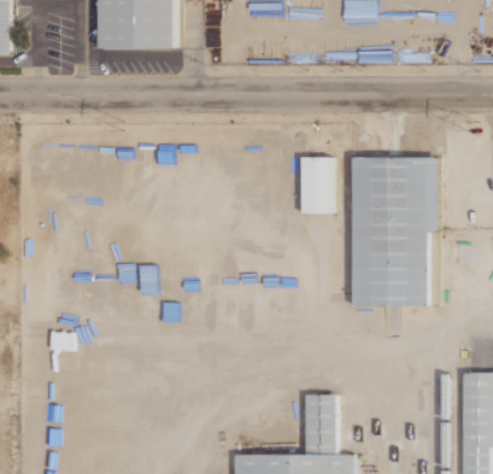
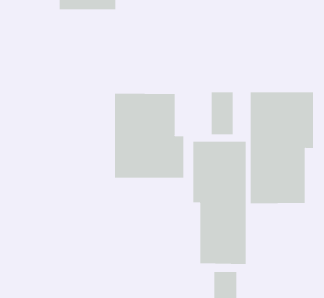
building: none -> [115,93,184,179]
building: none -> [193,141,246,265]

